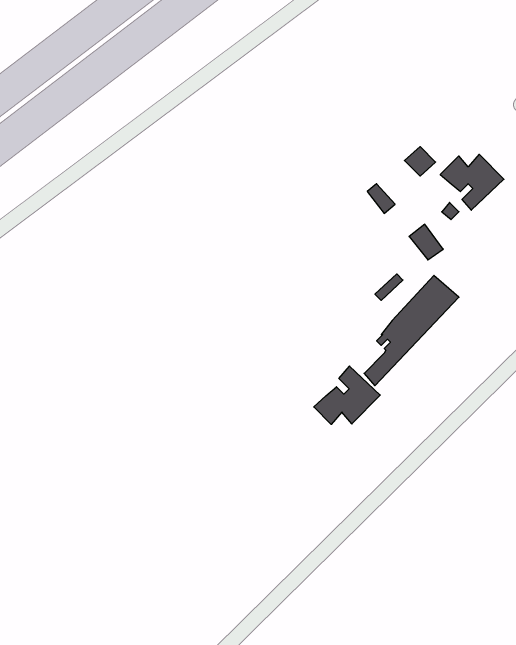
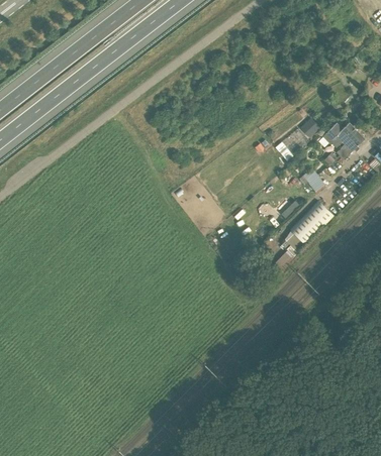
building: [314,366,380,424] -> none

